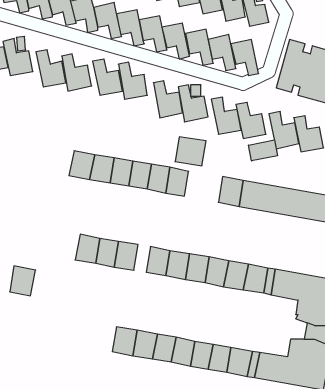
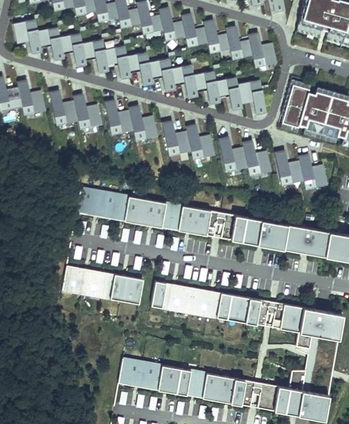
building: [175,137,206,166] -> [192,208,222,236]
building: [249,140,277,161] -> none
building: [10,266,36,296] -> [66,265,91,294]

